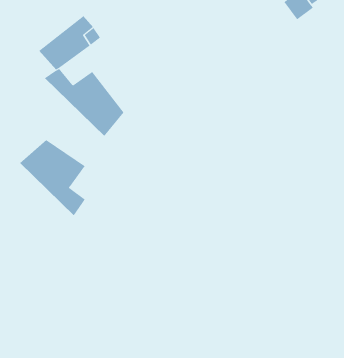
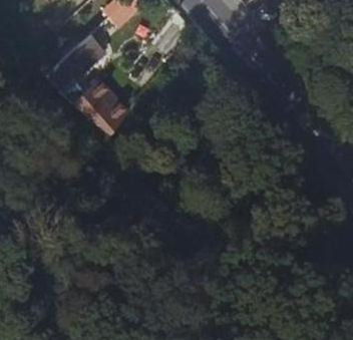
building: [19,139,86,216] -> none

